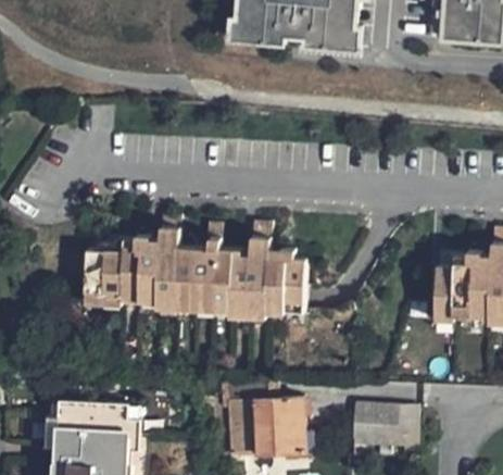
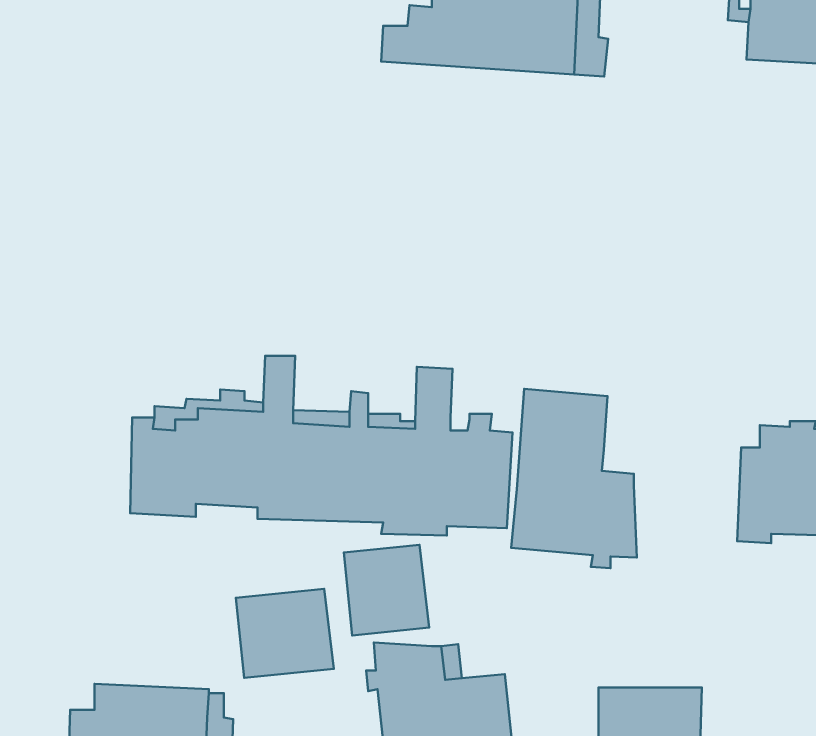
building: none -> [511,389,637,568]
building: none -> [344,545,429,636]
building: none -> [236,589,334,678]

